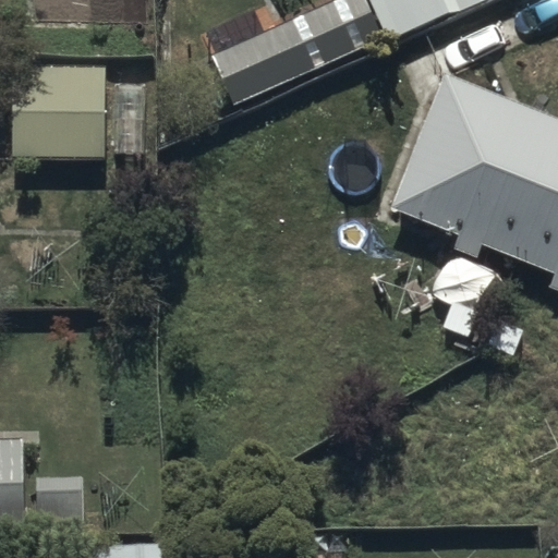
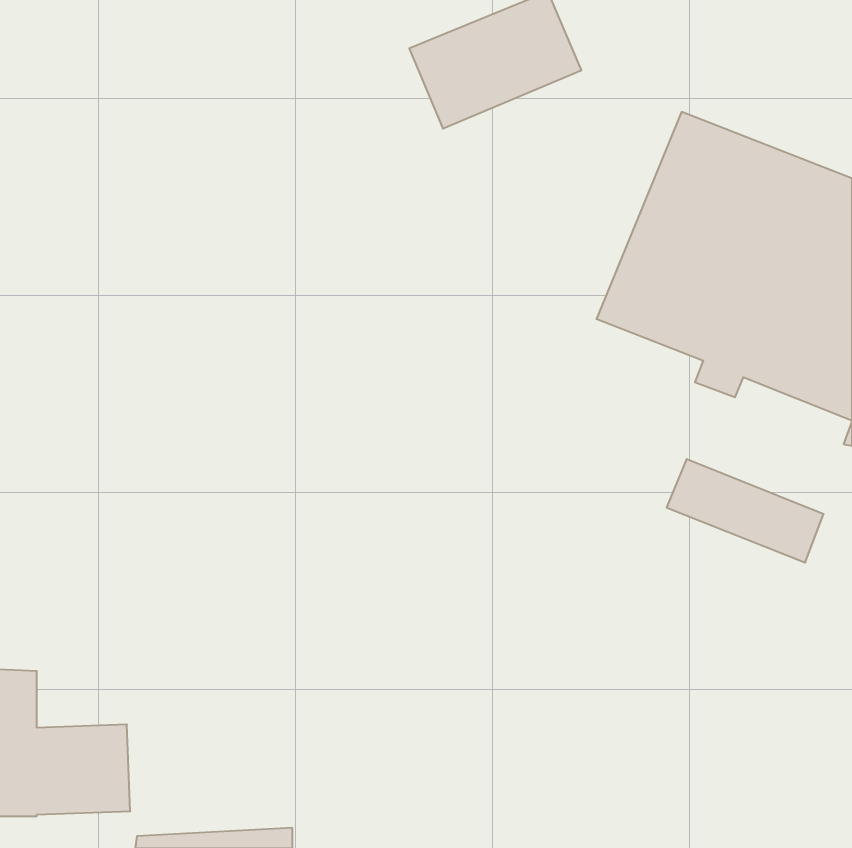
building: [13,64,106,159] -> none

